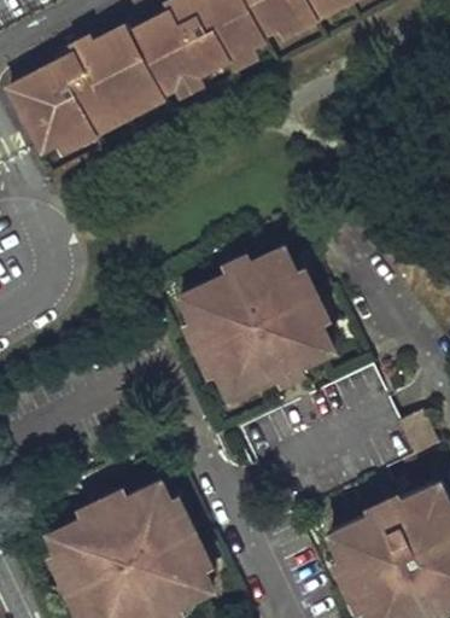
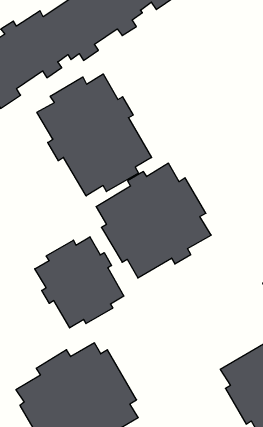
building: none -> [37,74,152,196]
building: none -> [35,237,124,328]

